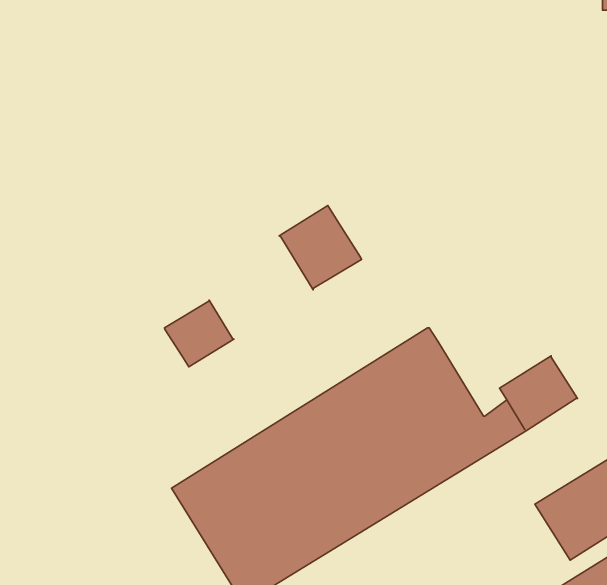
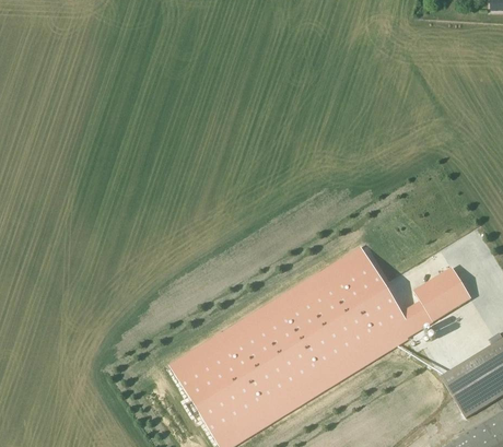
building: [279,206,362,290] -> none
building: [164,300,234,367] -> none

